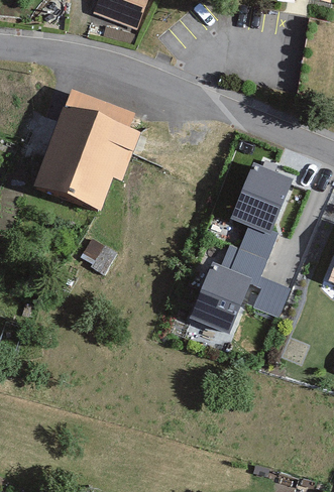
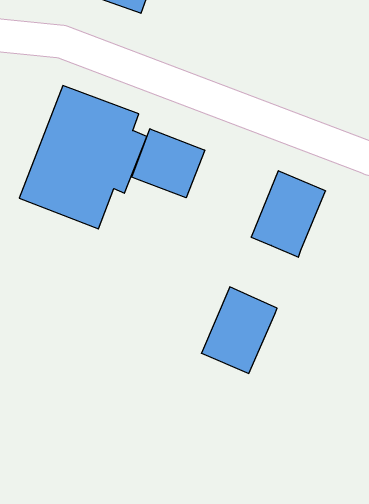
building: none -> [132,129,205,198]
building: [231,226,292,318] -> none

